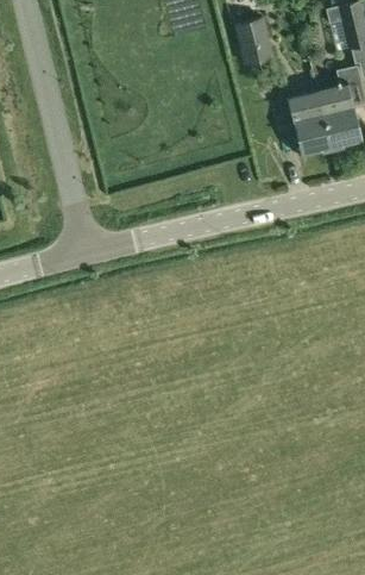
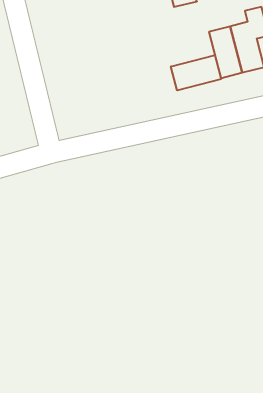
building: none -> [171,55,221,90]

